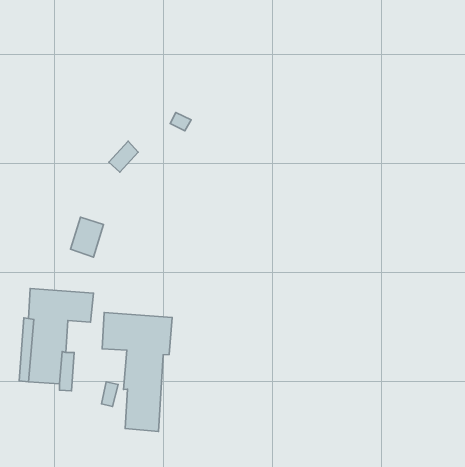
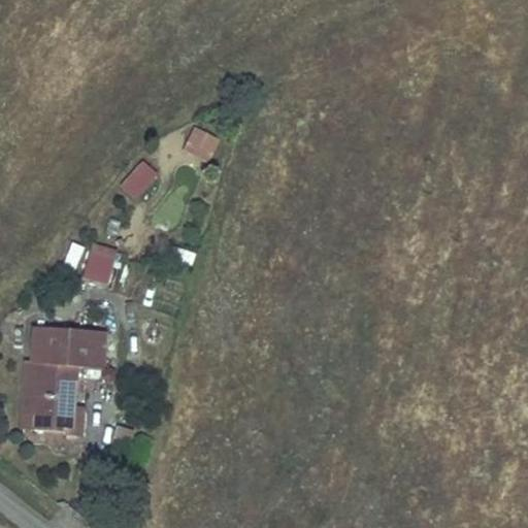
building: [102,313,172,431] -> none

